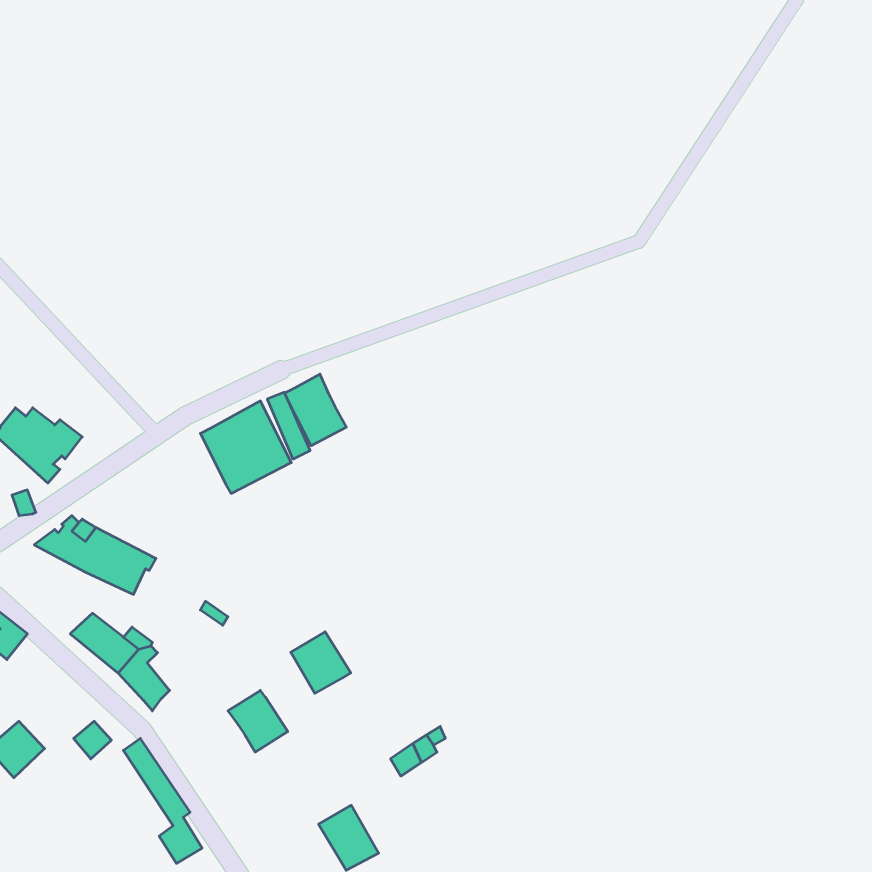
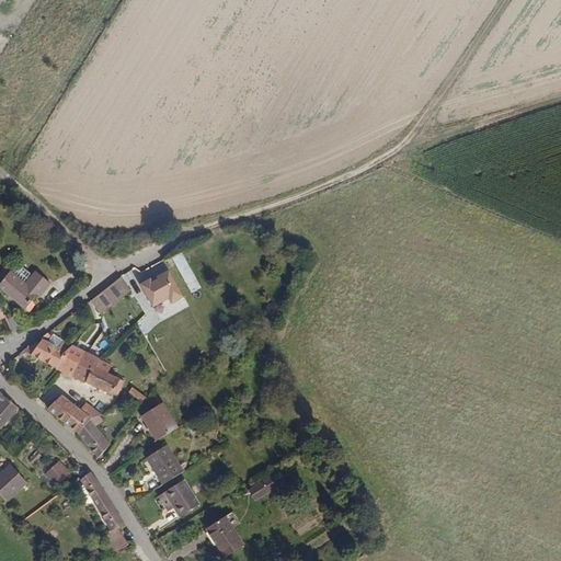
building: [285,374,346,446] -> none
building: none -> [89,275,130,313]
building: none -> [85,359,124,396]
building: [291,632,351,693] -> [139,401,178,440]
building: none -> [164,479,201,516]

